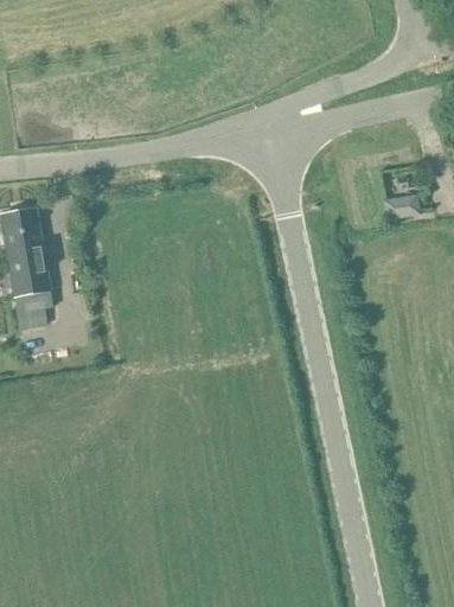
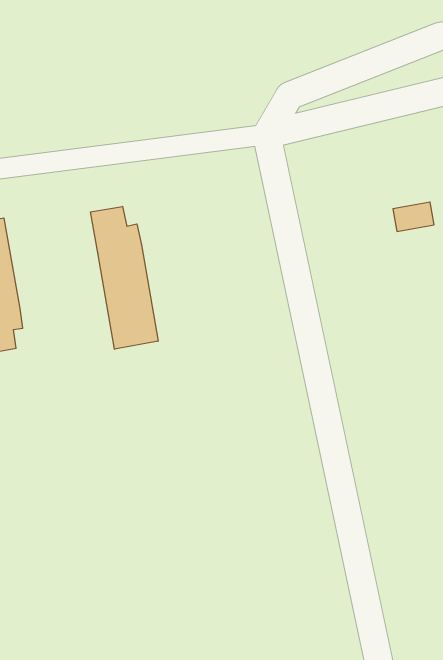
building: none -> [91,206,158,349]

